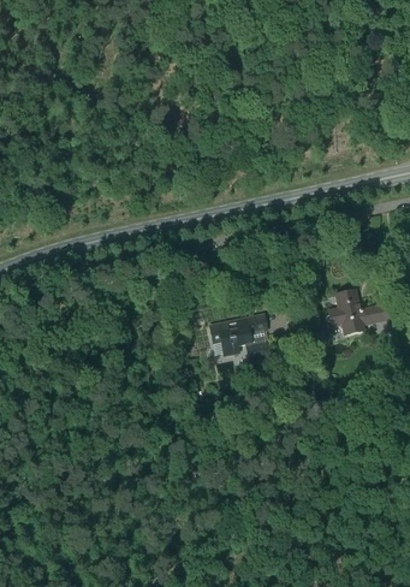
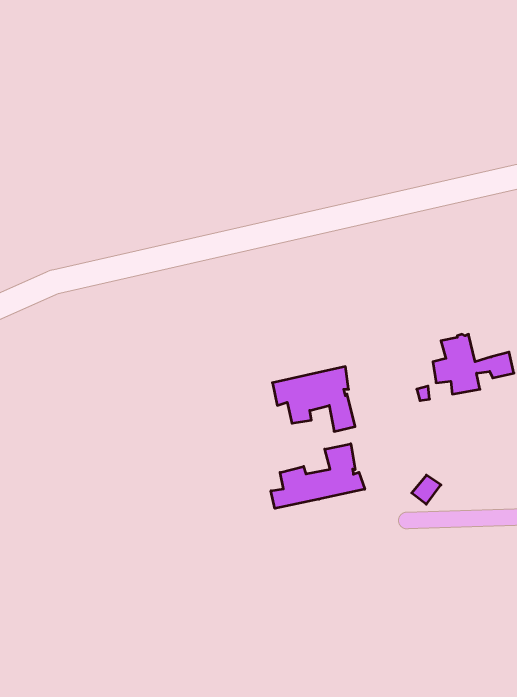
building: none -> [271,444,365,508]

